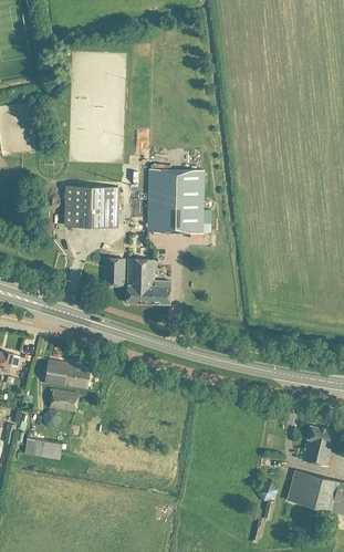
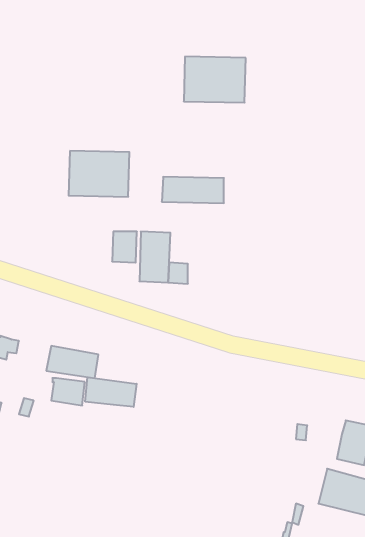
building: [148,169,204,210] -> [184,57,246,103]
building: none -> [85,377,137,407]
building: [24,436,62,459] -> none

